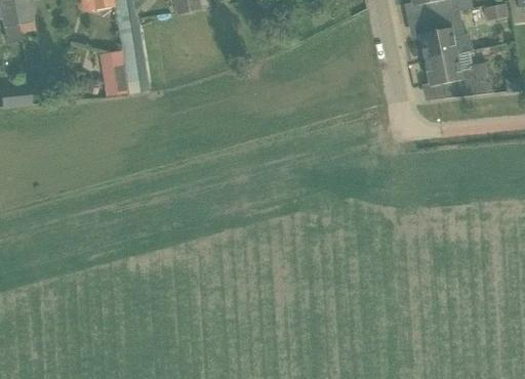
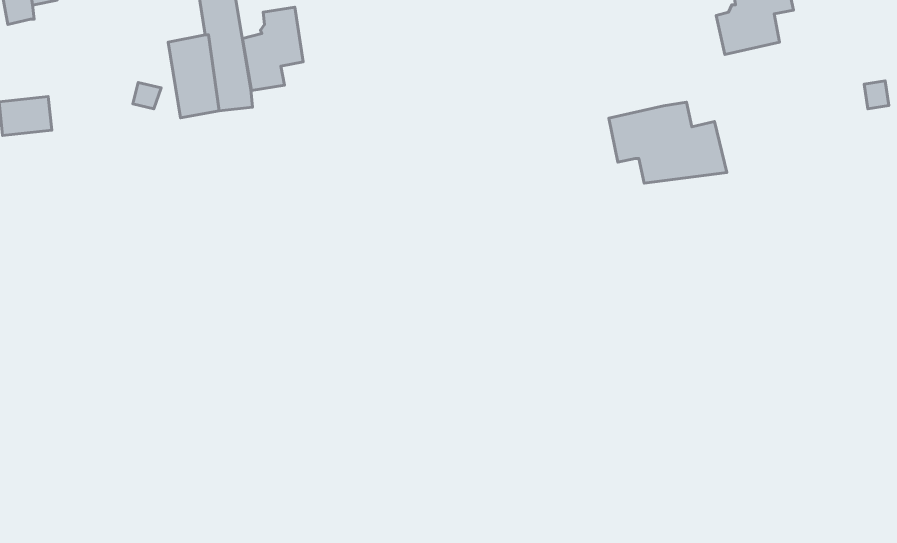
building: none -> [242,7,303,91]
building: [423,50,492,97] -> [609,102,727,183]

